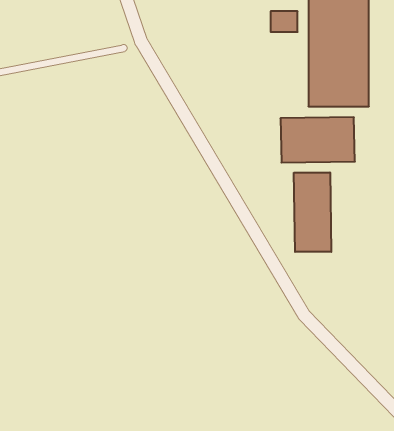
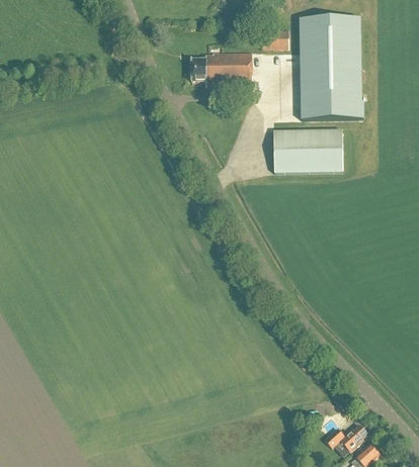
building: none -> [192,53,253,87]
building: [294,172,331,252] -> none

